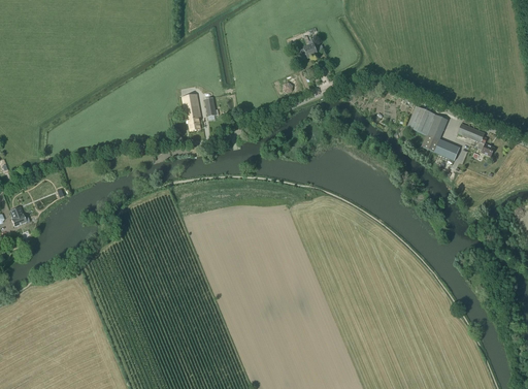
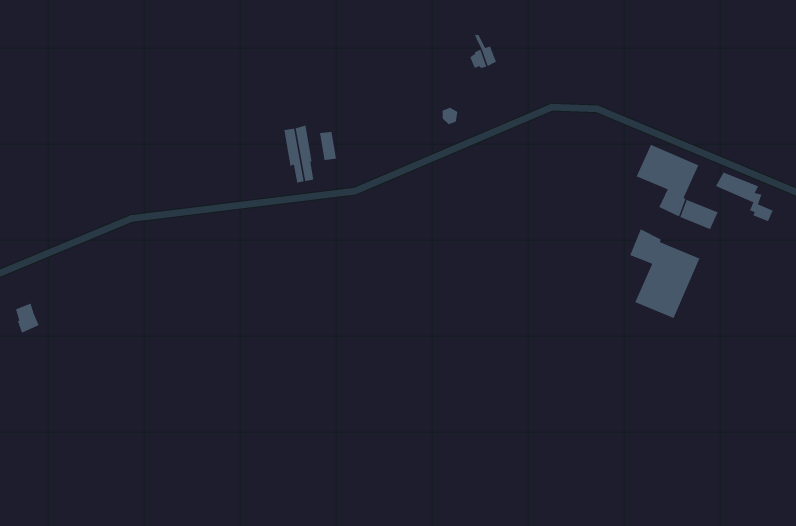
building: none -> [630,228,700,319]

